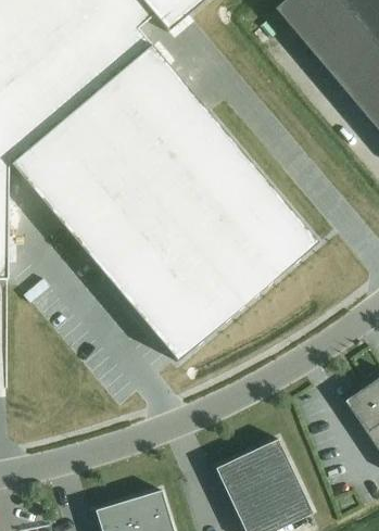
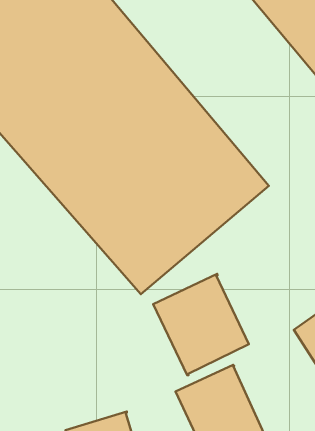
building: none -> [153,274,249,375]

